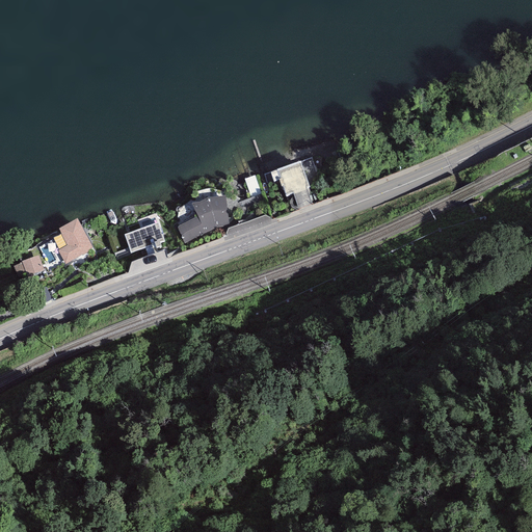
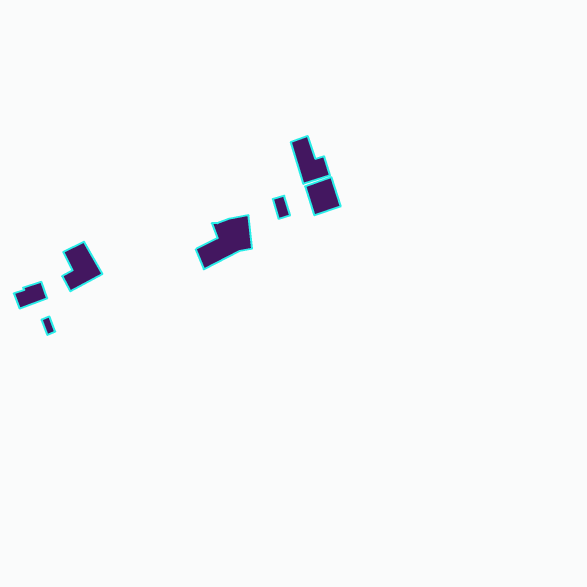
building: none -> [291,136,330,184]
building: [123,221,163,251] -> none

